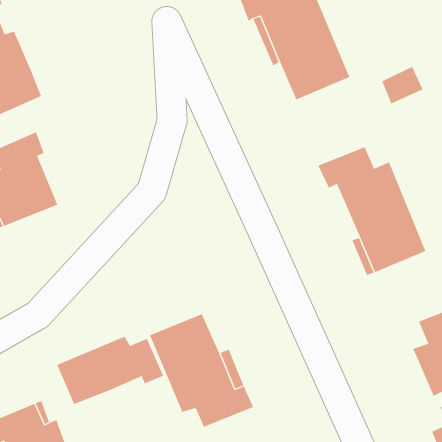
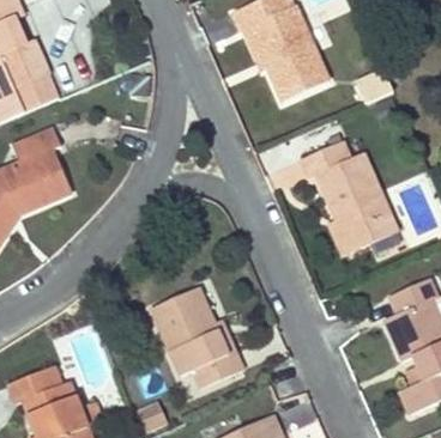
building: [57,336,164,405] -> none

